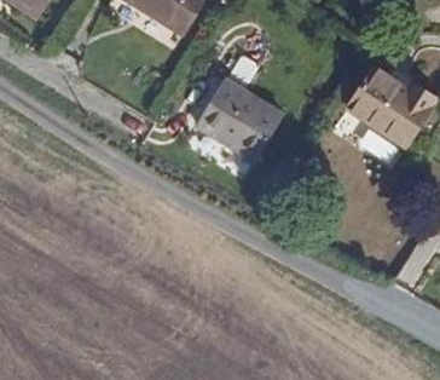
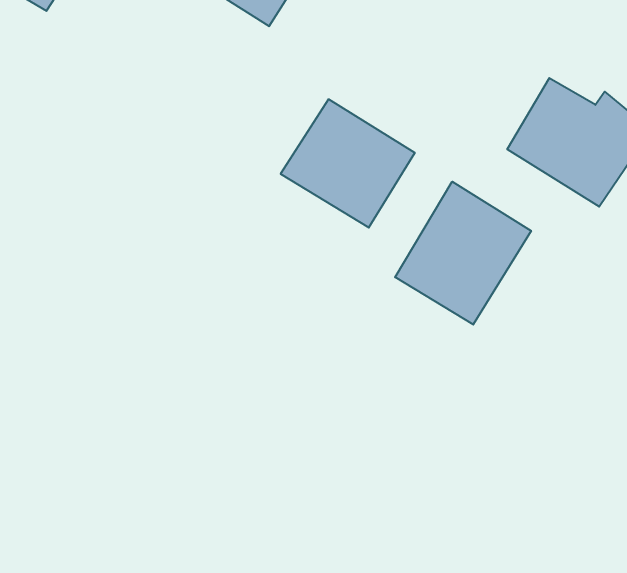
building: none -> [395,182,531,325]

